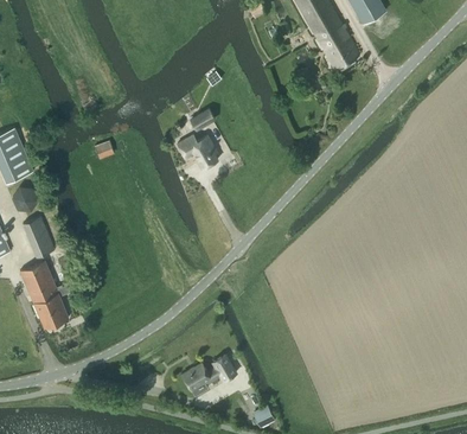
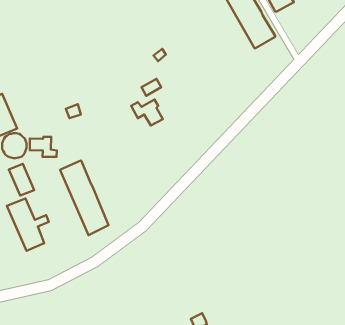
building: none -> [30,137,57,157]
building: none -> [60,161,109,235]
building: [181,353,237,396] -> none

